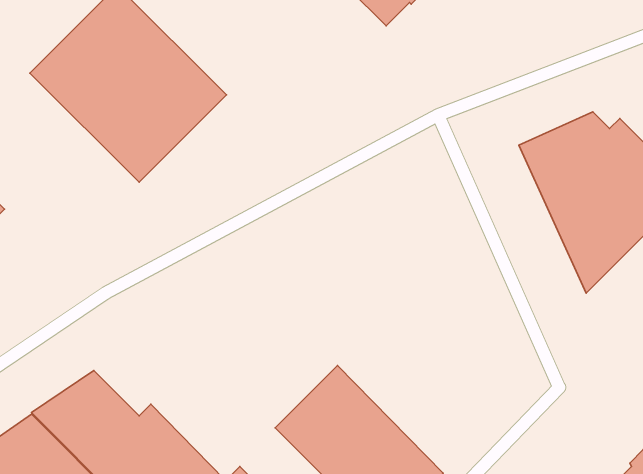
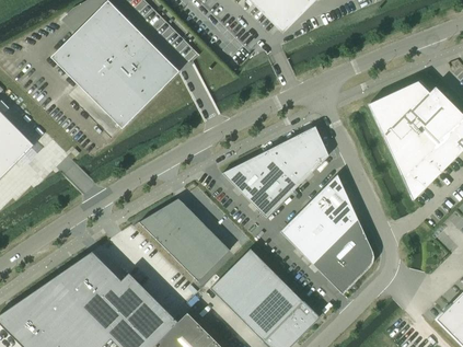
building: none -> [222,126,328,218]
building: none -> [280,174,374,294]
building: none -> [139,198,230,281]

